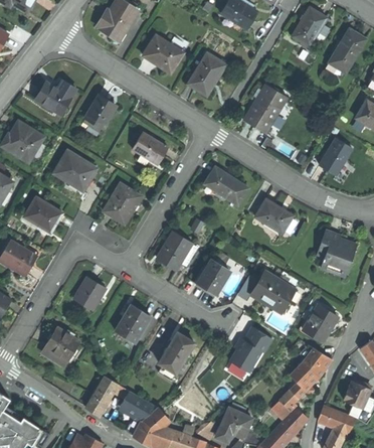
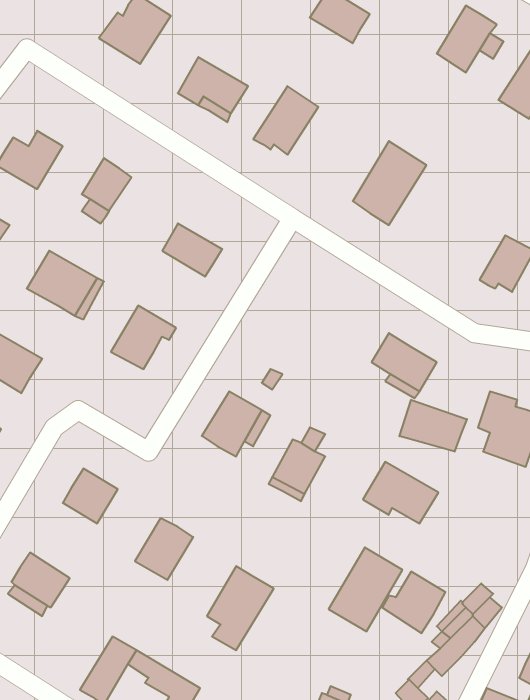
building: [203,167,247,204] -> none
building: none -> [399,400,467,452]
building: [300,307,337,343] -> [382,572,445,633]

